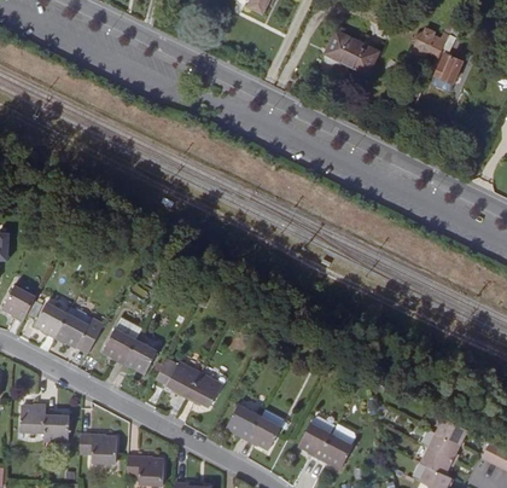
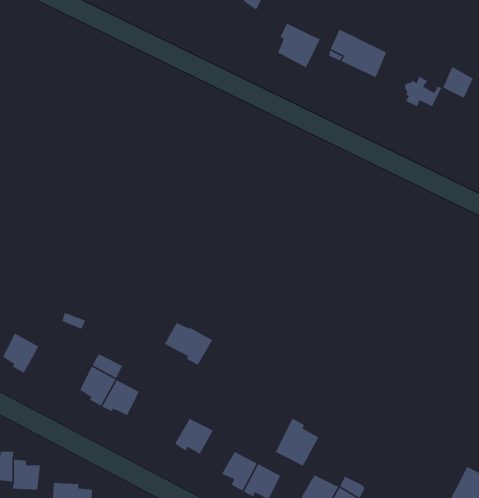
building: none -> [277,23,321,69]
building: [410,29,444,57] -> [404,75,442,107]
building: [57,310,105,349] -> none
building: [158,358,202,396] -> [164,322,213,366]
building: none -> [275,418,320,467]

